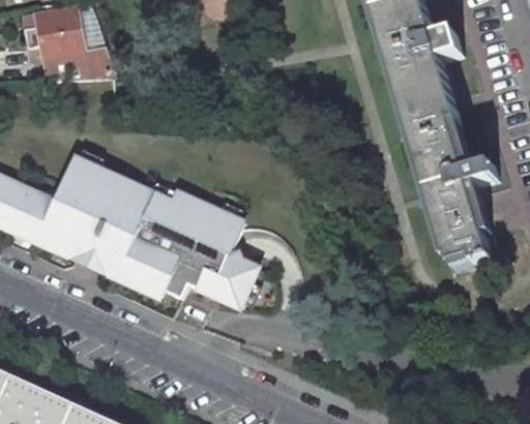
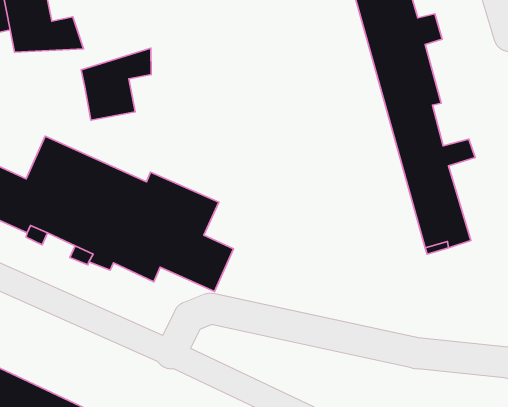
building: none -> [81,48,151,120]

